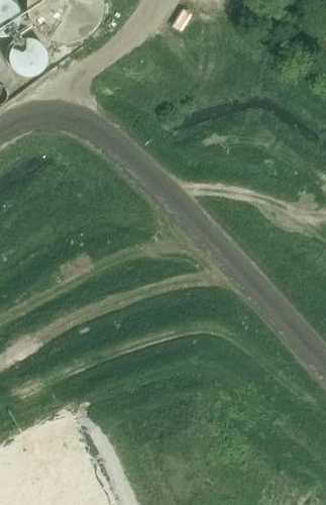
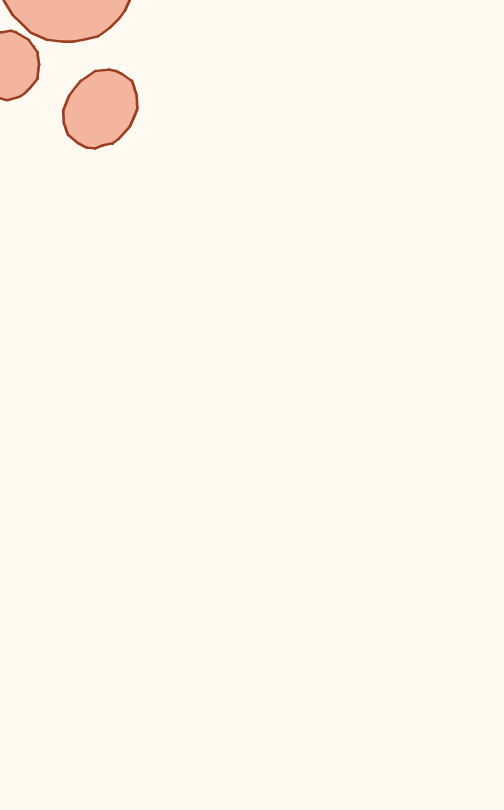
building: none -> [64,69,137,149]

